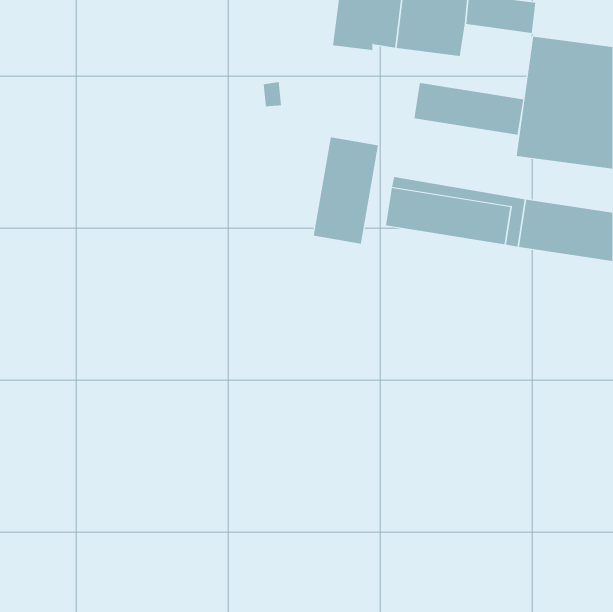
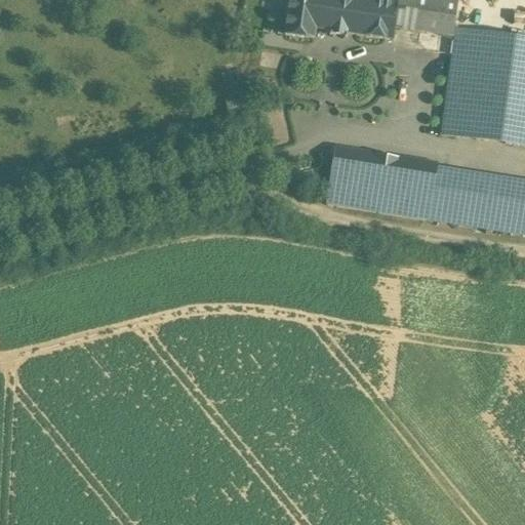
building: [414,82,524,136] -> none
building: [313,136,378,245] -> none

